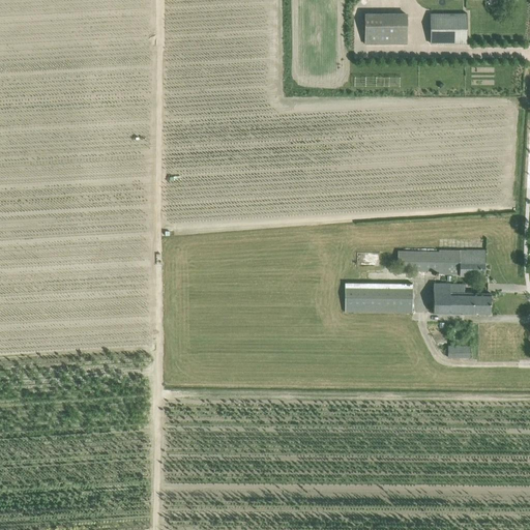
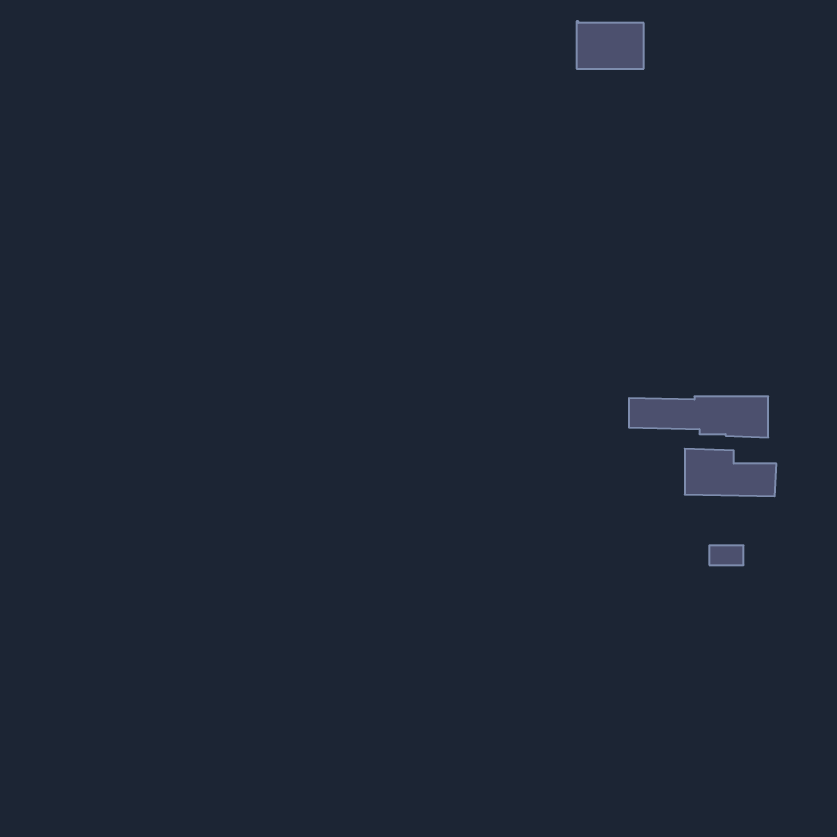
building: [431,13,467,43] -> none
building: [345,283,413,313] -> none

